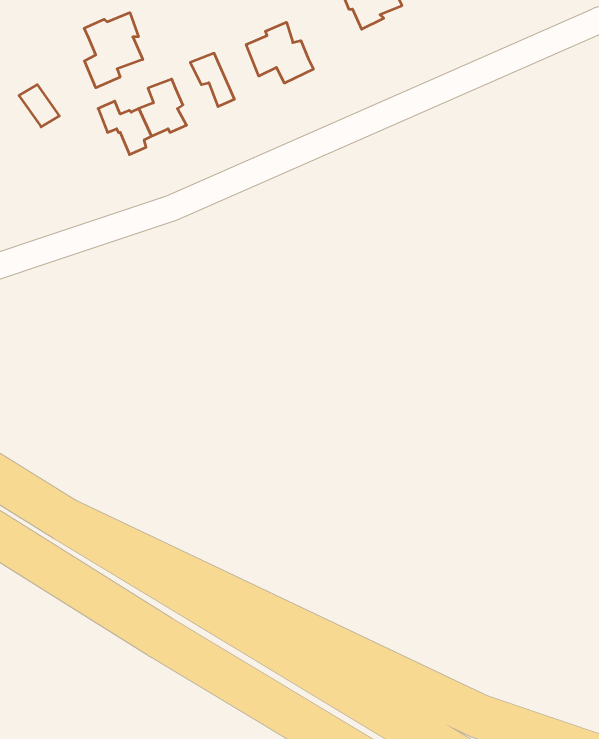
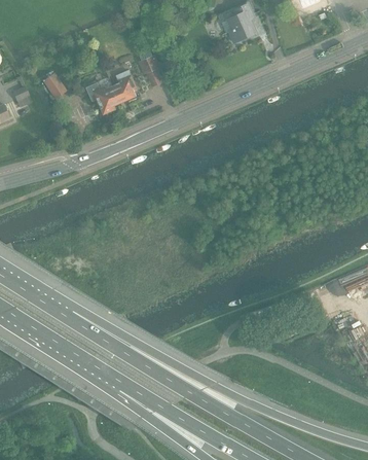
building: [84,13,143,88] -> none
building: [246,22,313,83] -> none

